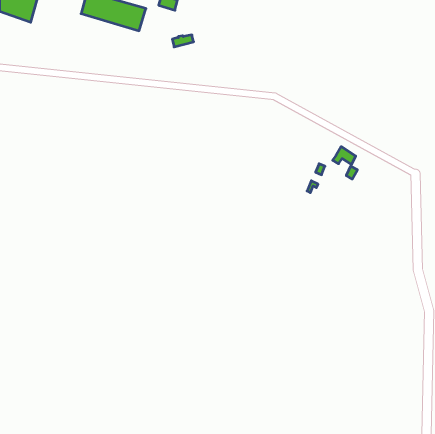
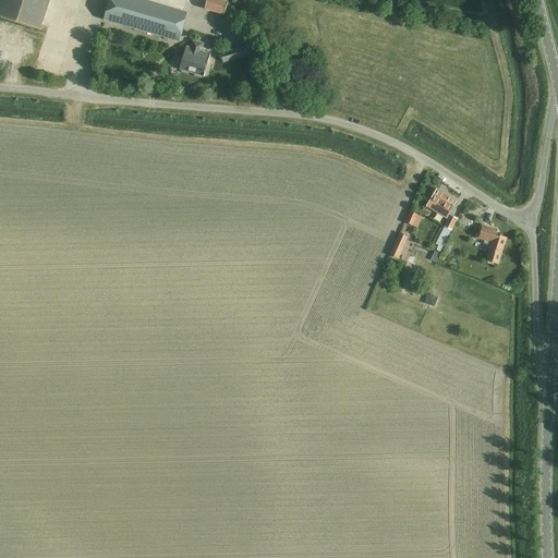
building: none -> [179,38,209,74]
building: none -> [475,223,506,263]

